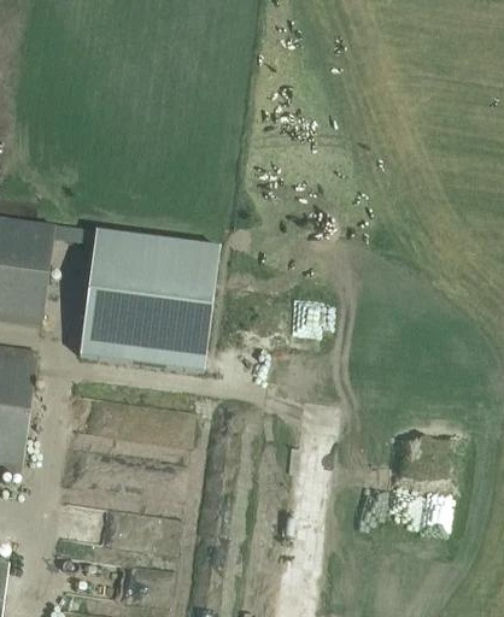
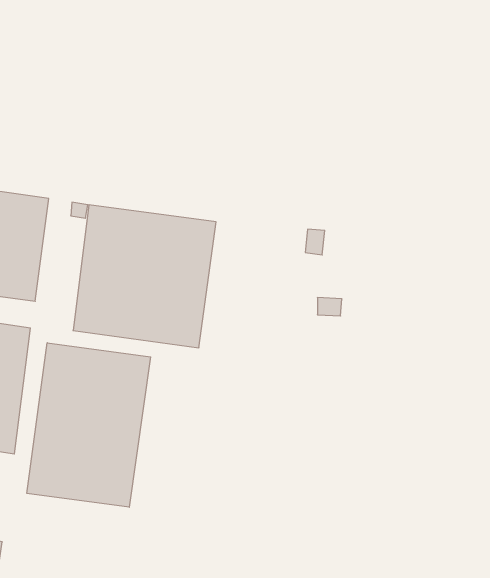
building: none -> [27,343,151,507]

